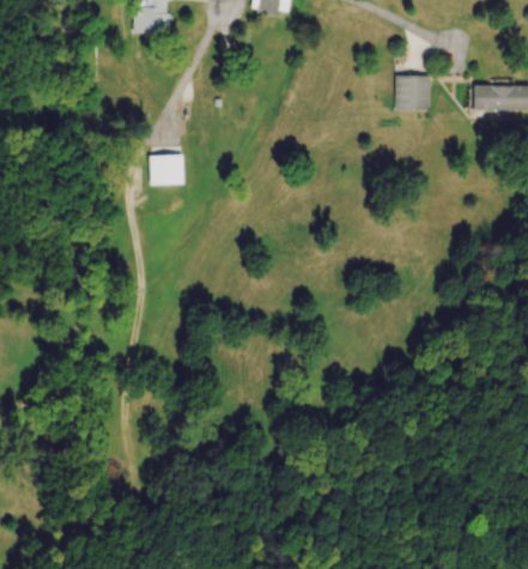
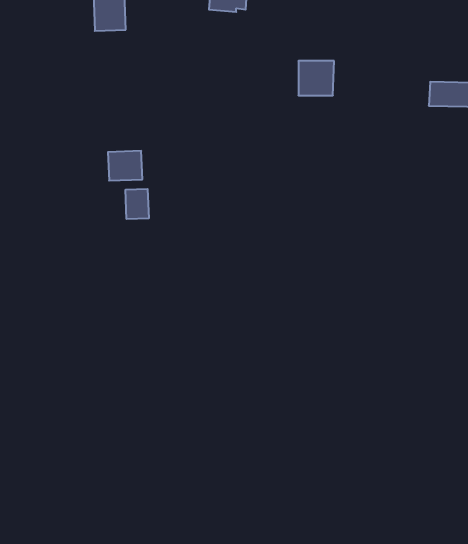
building: [395,75,431,110] -> [298,61,334,95]
building: none -> [126,189,149,219]

